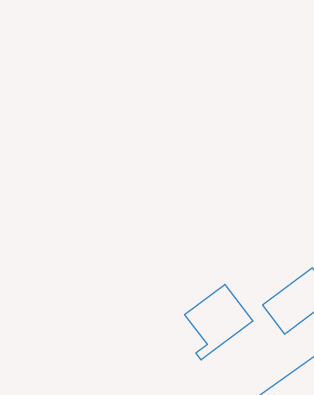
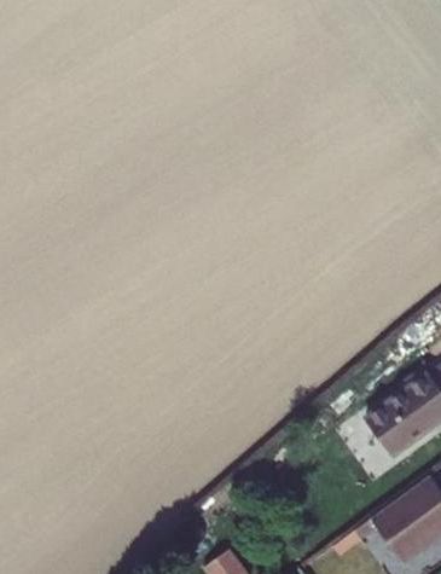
building: [185,284,253,360] -> none

